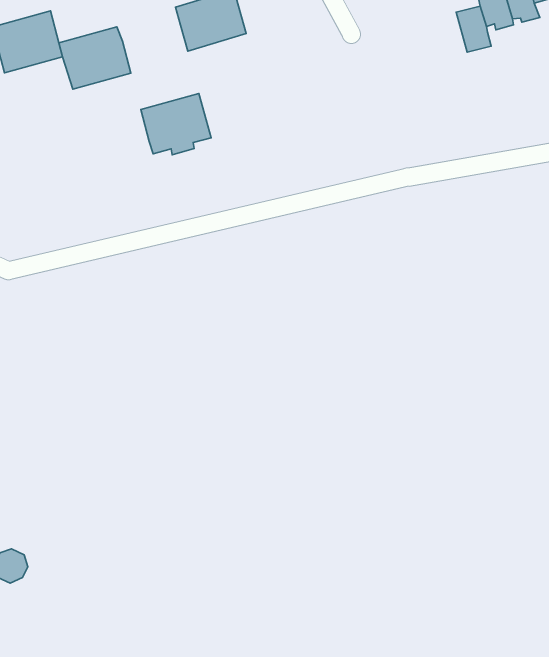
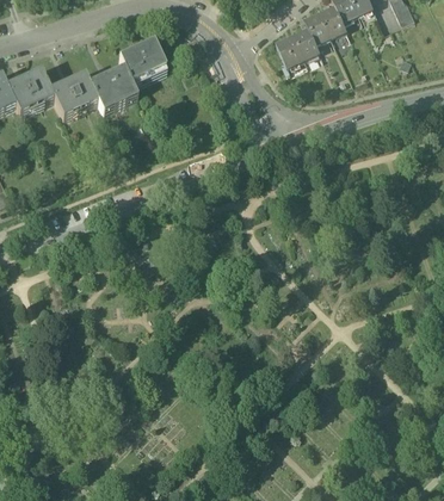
building: none -> [276,33,304,66]
building: [141,94,211,155] -> [88,68,135,110]

